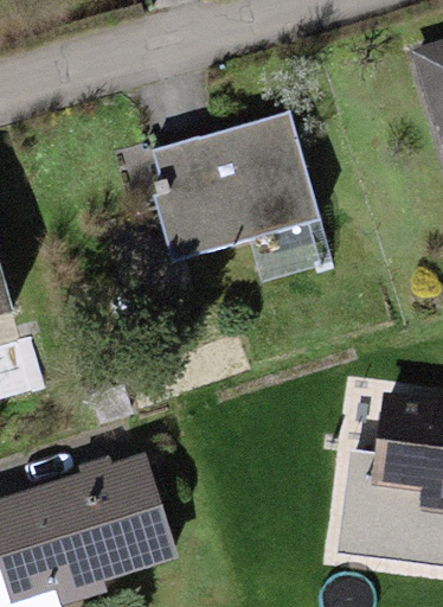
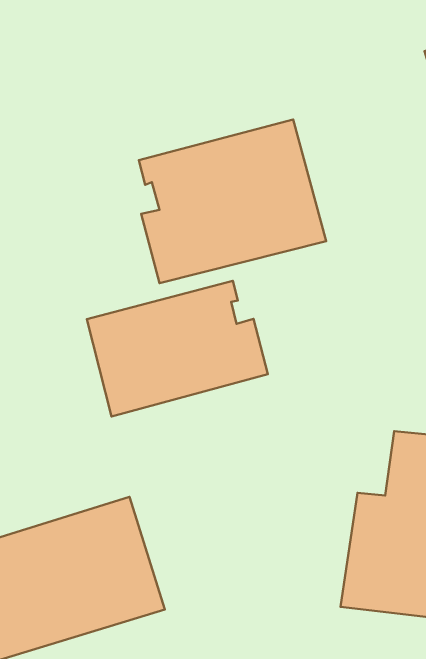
building: none -> [87,281,268,417]

